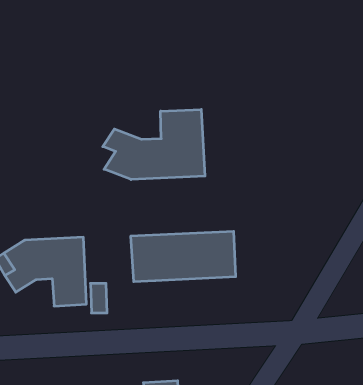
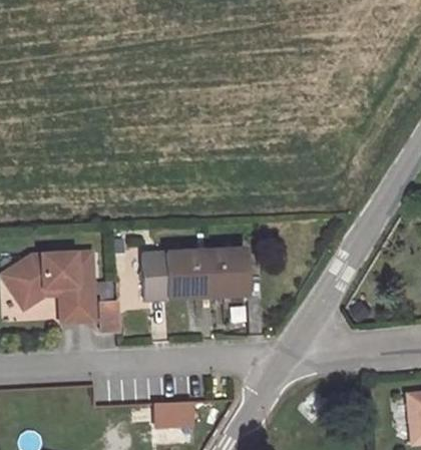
building: [103,109,205,180] -> none

